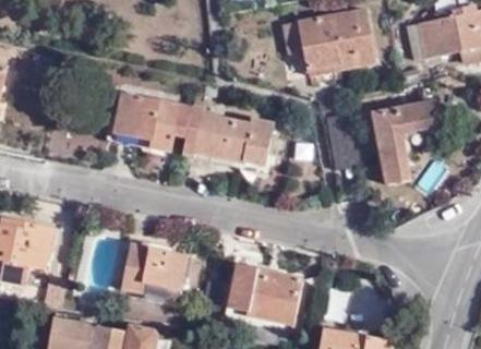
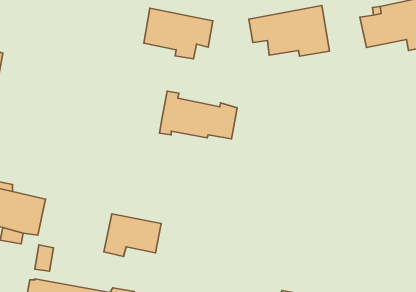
building: [115,92,192,148] -> [144,8,213,59]
building: [371,100,446,177] -> none
building: [230,265,302,326] -> none

